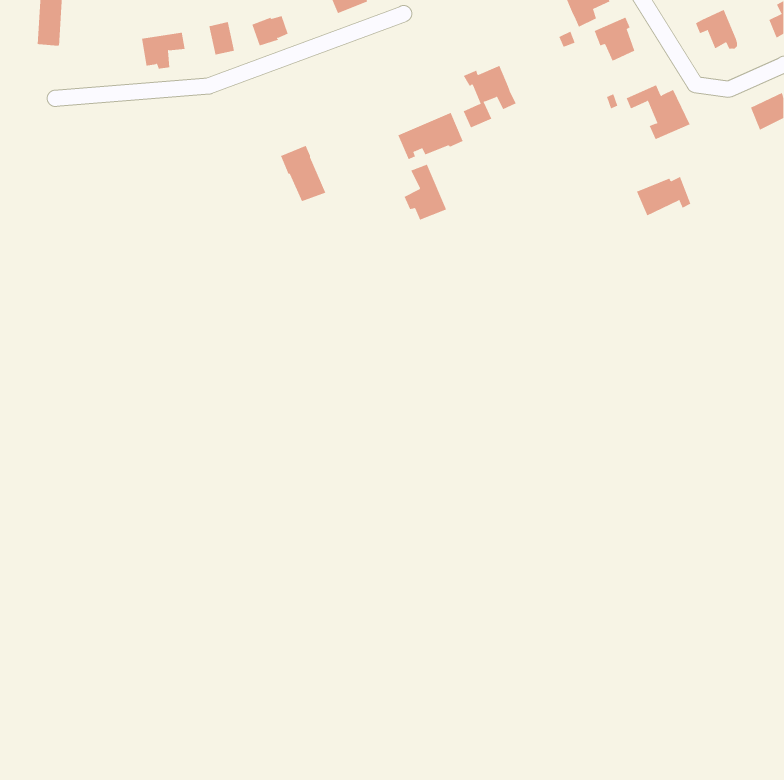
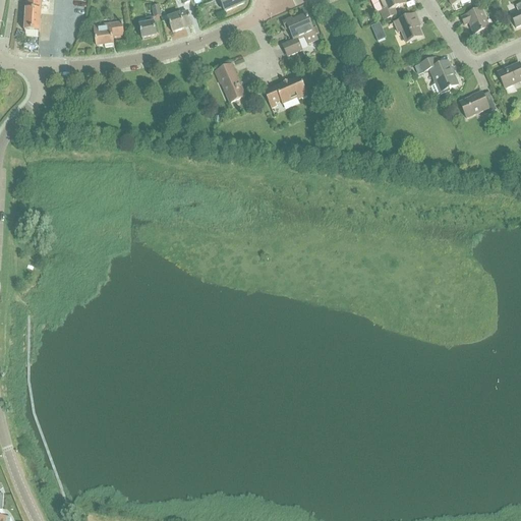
building: [463,65,517,128] -> [282,12,317,54]
building: [280,145,326,202] -> [215,63,245,101]
building: [404,164,447,221] -> none
building: [636,176,691,216] -> [459,90,496,116]

